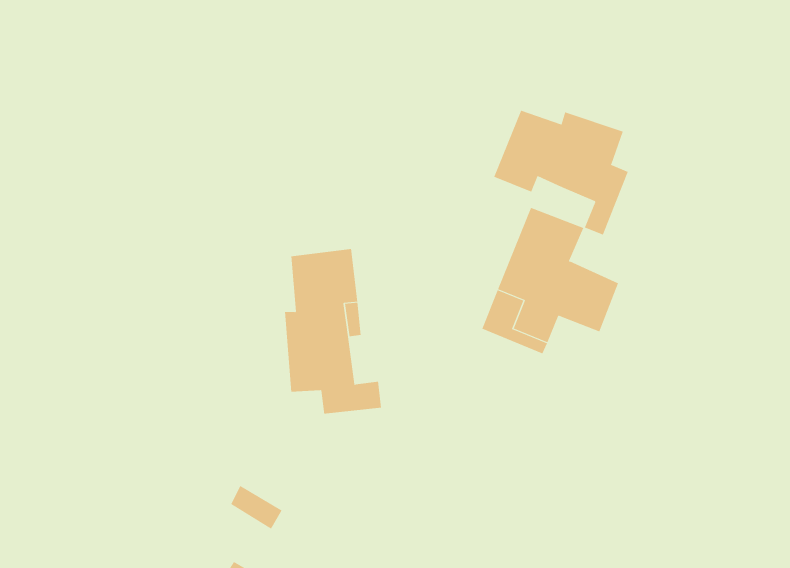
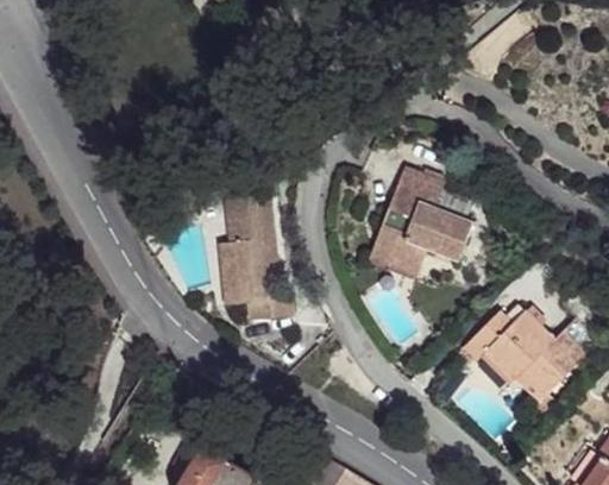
building: [493,110,629,236] -> none
building: none -> [462,311,596,412]

